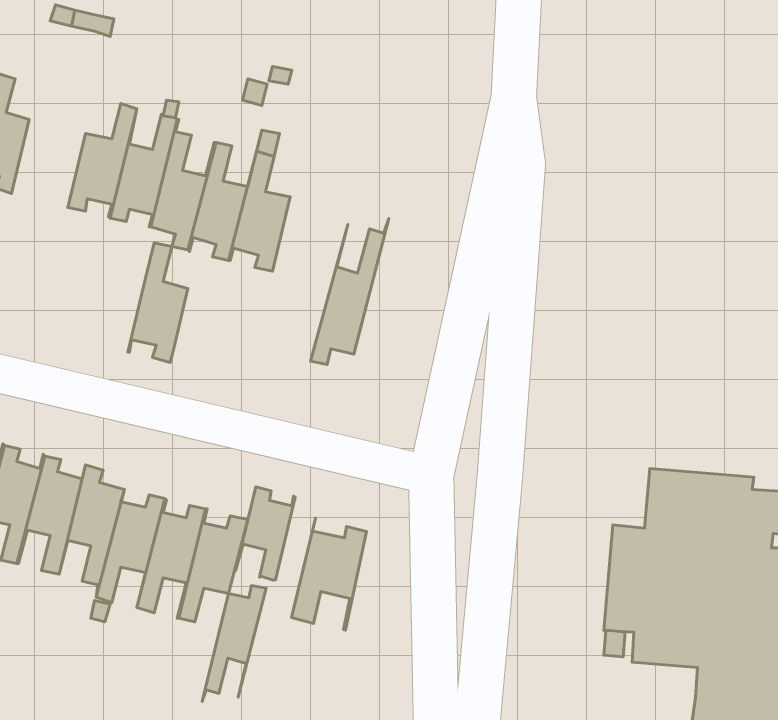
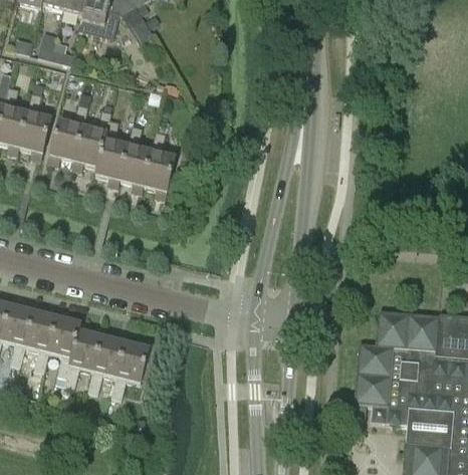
building: [311,219,389,365] -> none
building: [128,243,188,363] -> [17,91,51,160]
building: [235,487,295,580] -> none
building: [291,518,367,630] -> none
building: [202,585,266,702] -> none

